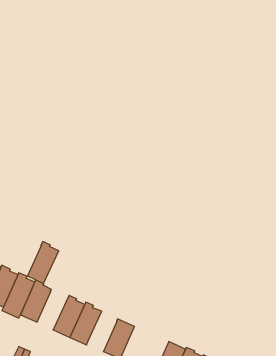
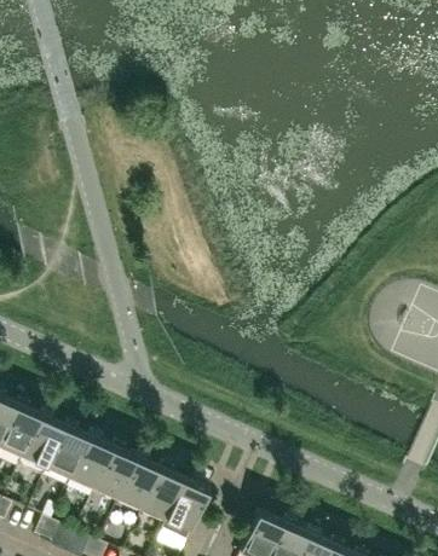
building: [28,242,59,283] -> [69,436,114,497]
building: none -> [143,468,185,528]

